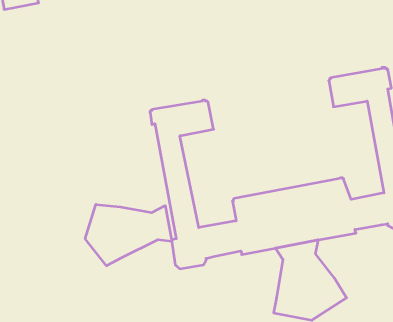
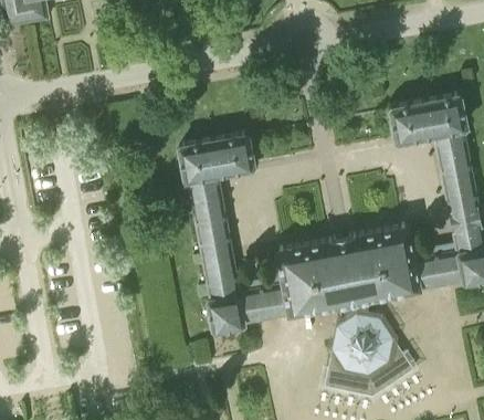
building: [85,204,172,266] -> none

